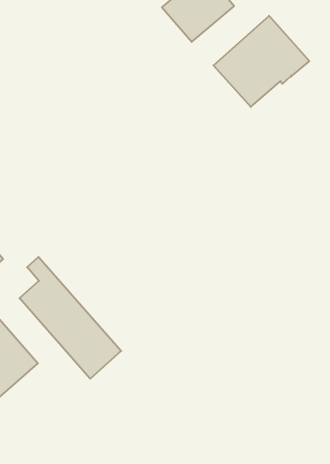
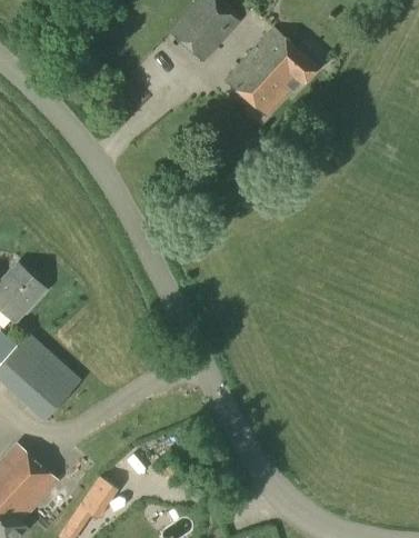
building: [19,257,121,379] -> none

